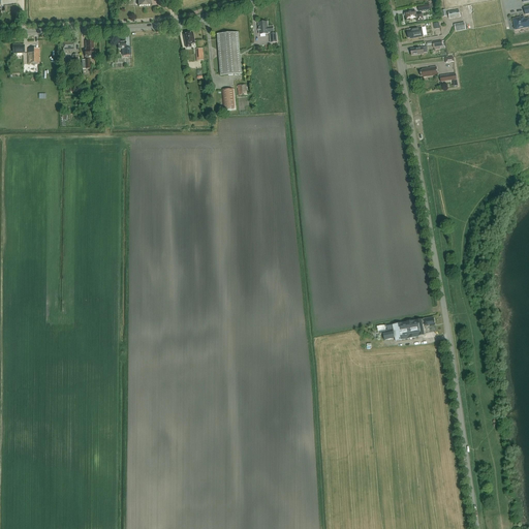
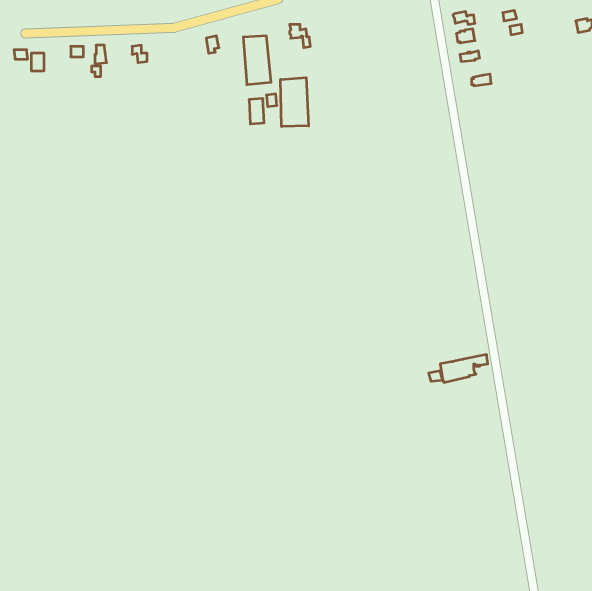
building: none -> [281,78,309,127]

